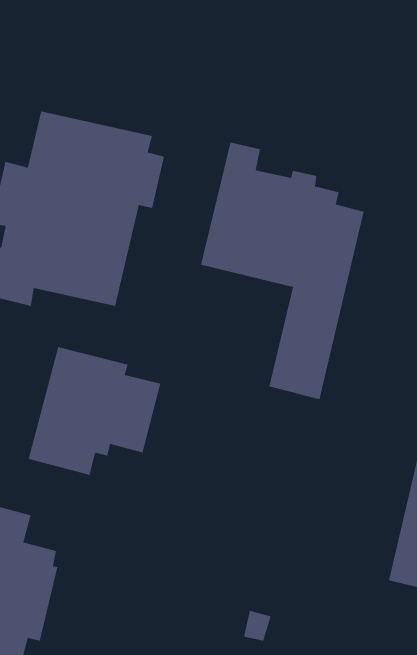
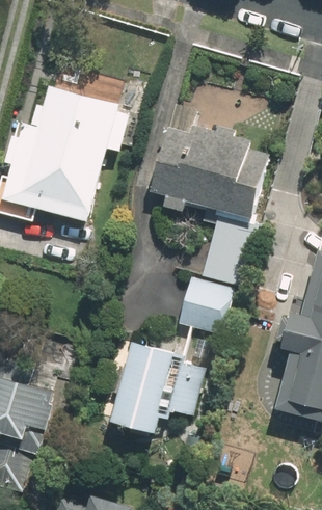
building: [28,347,161,476] -> [111,343,205,433]
building: none -> [178,279,233,337]

